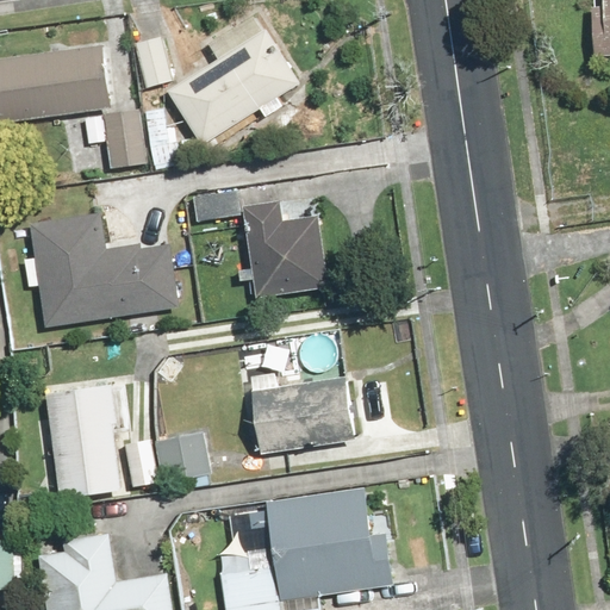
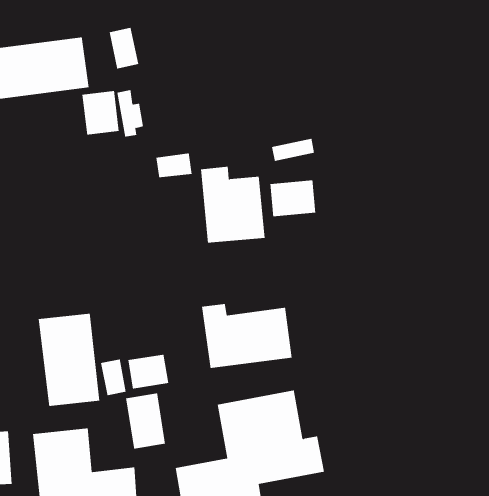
building: [167,14,301,150] -> none
building: [35,217,182,325] -> none
building: none -> [270,180,316,217]
building: none -> [126,393,166,449]

